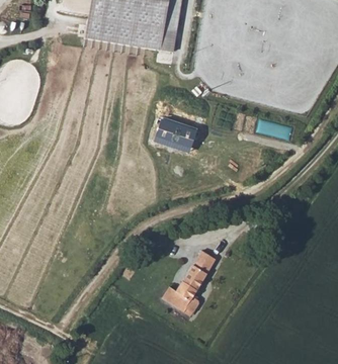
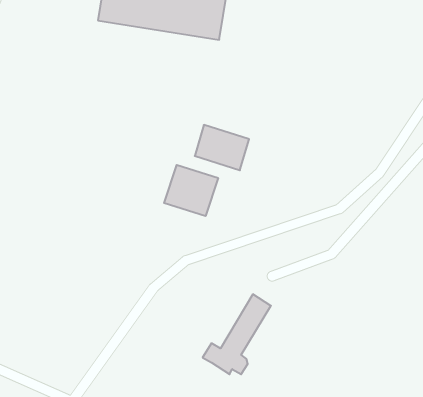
building: none -> [164,165,218,216]

